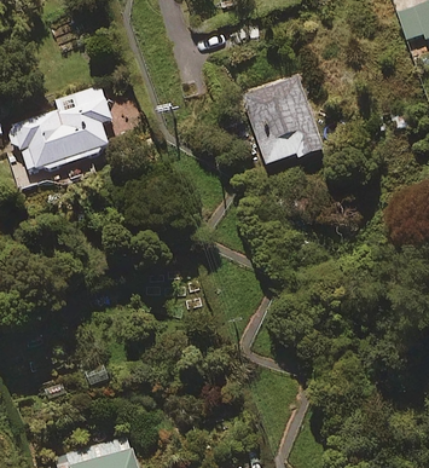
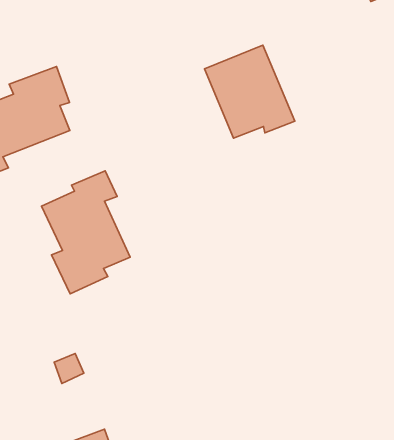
building: none -> [42,171,130,294]

